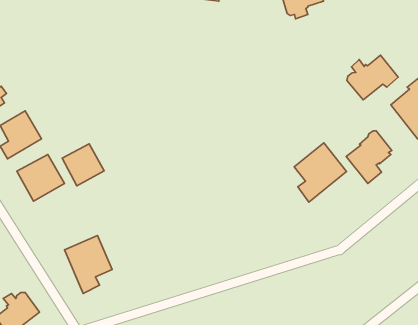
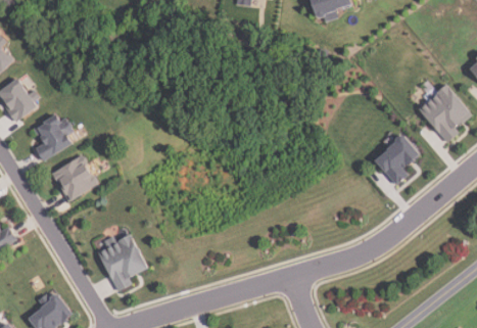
building: [347,55,398,100] -> none
building: [294,143,347,202] -> none
building: [62,144,104,186] -> none

